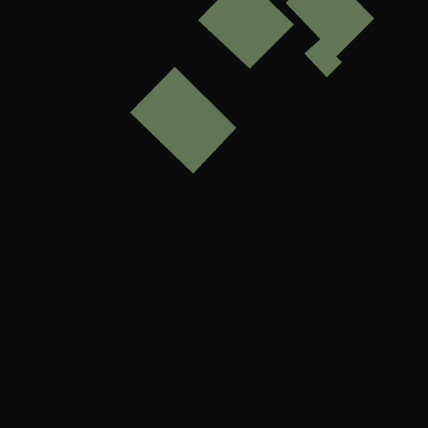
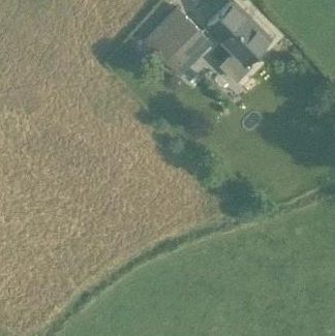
building: [129,66,237,175] -> none

